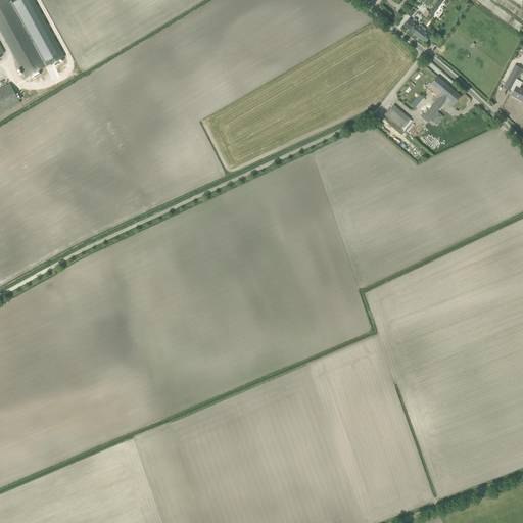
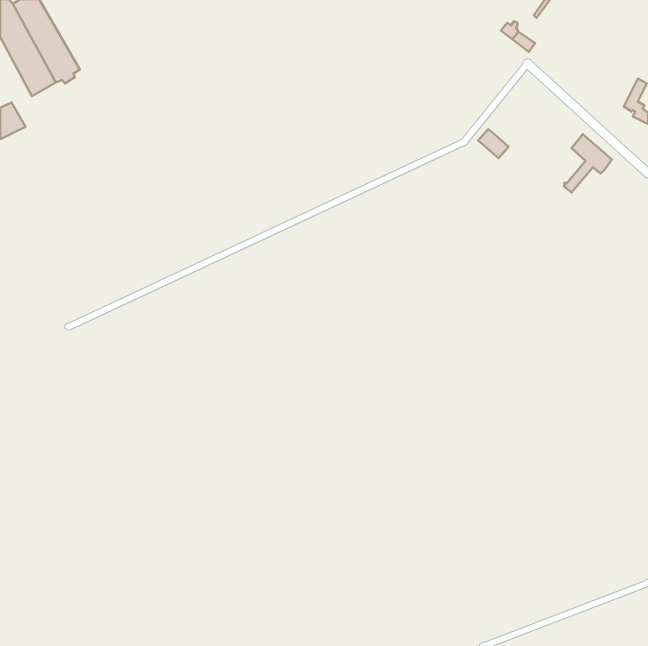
building: [422,75,461,122] -> [564,134,612,193]

